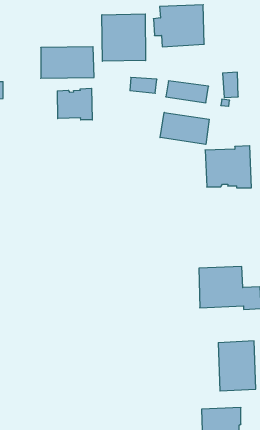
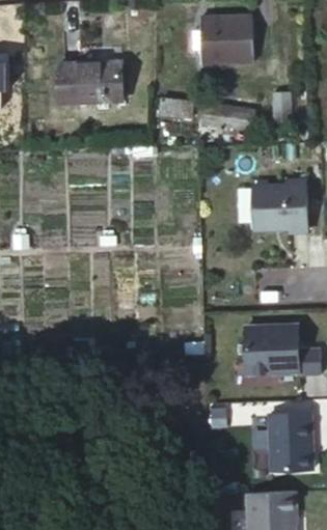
building: [102,14,146,61] -> none
building: [57,88,92,120] -> none
building: [160,112,209,144] -> none

